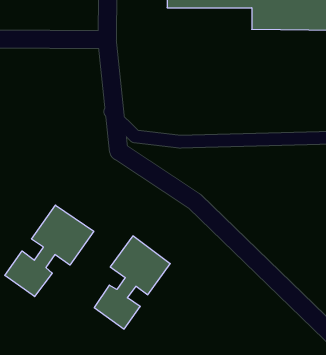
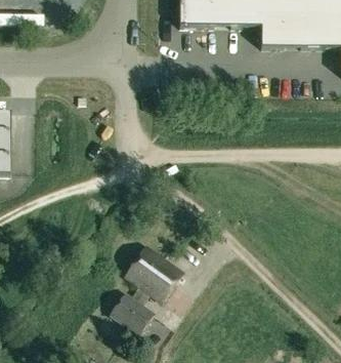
building: [5,205,94,297] -> none

